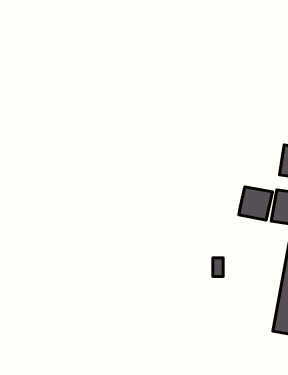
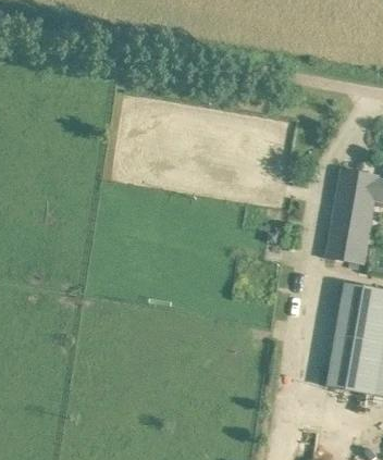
building: [239,187,272,220] -> none

